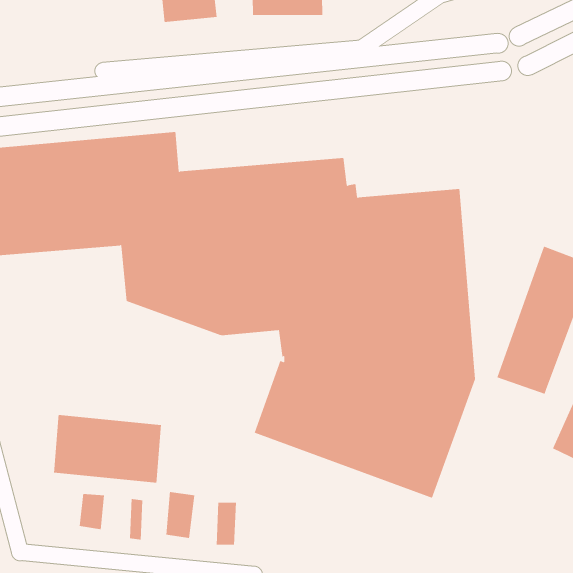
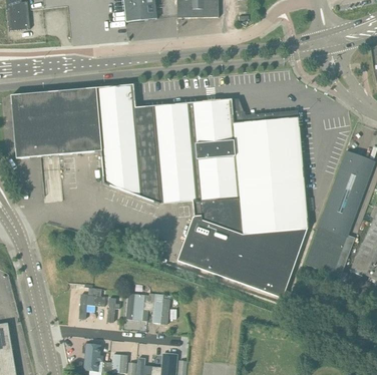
building: none -> [305,227,355,277]
building: [54,414,161,483] -> none

